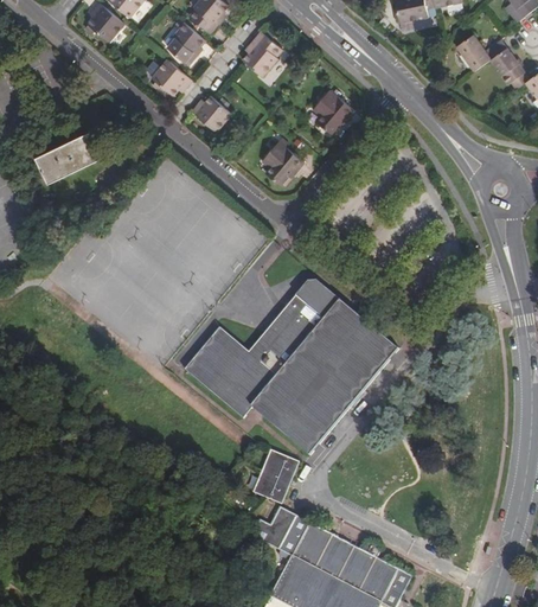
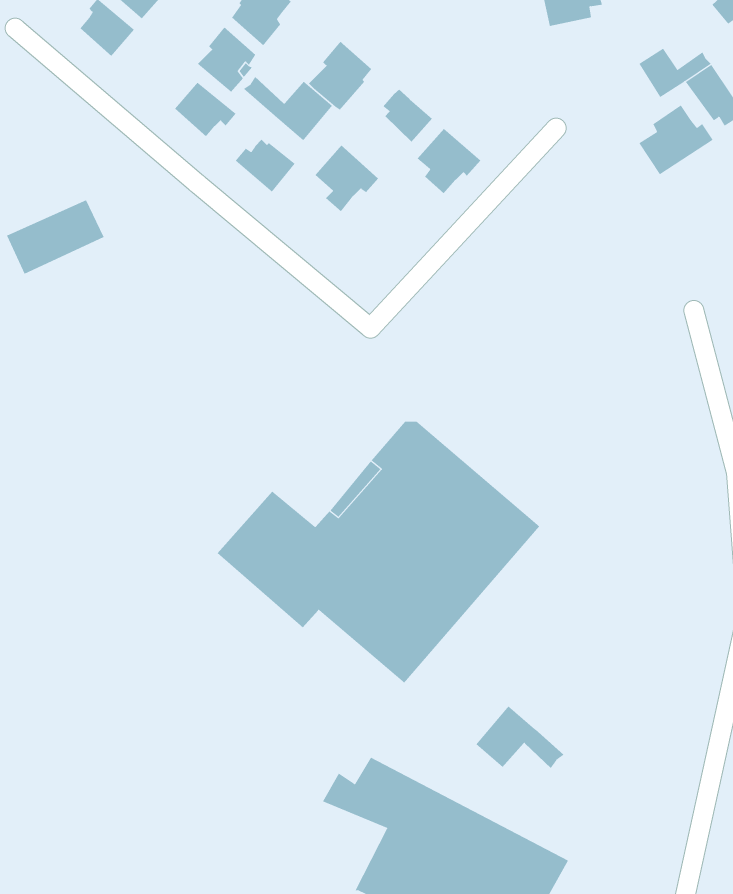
building: none -> [243,76,333,141]
building: none -> [383,89,433,143]
building: none -> [638,104,714,175]
building: [261,140,303,185] -> [315,144,379,212]
building: [245,453,292,506] -> none
building: none -> [475,706,564,769]

